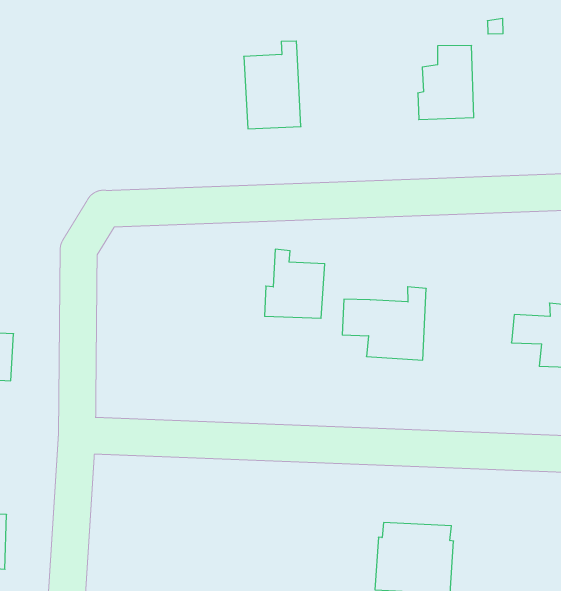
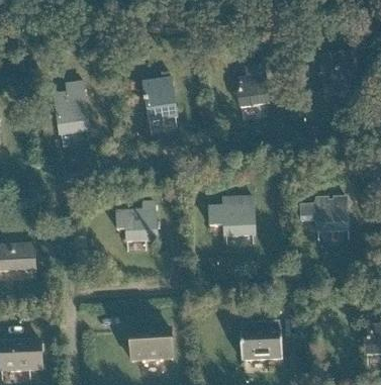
building: none -> [55,84,89,135]
building: [265,249,325,318] -> [125,206,157,243]
building: none -> [130,329,173,362]

